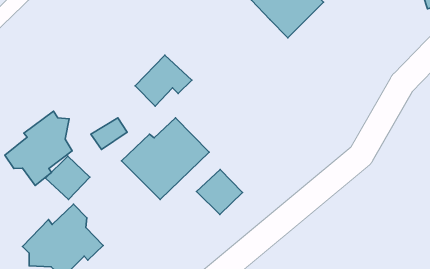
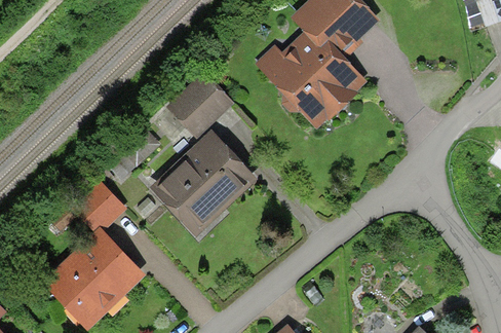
building: none -> [268,37,354,119]
building: [5,111,72,186] -> none
building: [197,170,243,214] -> none

